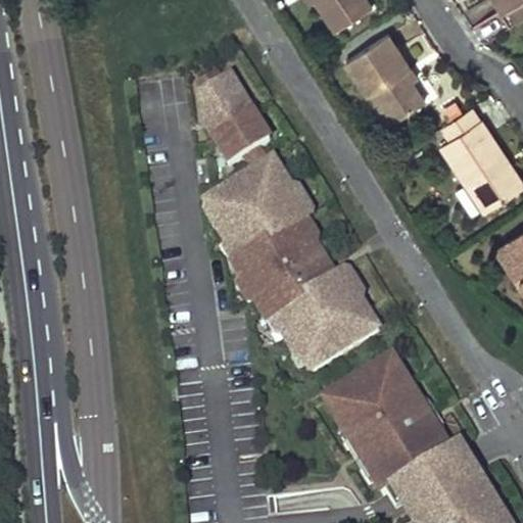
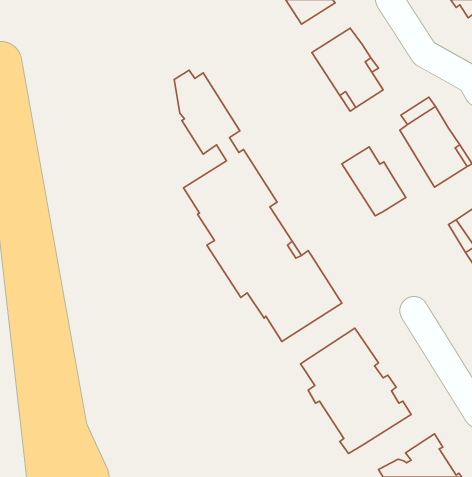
building: none -> [342,147,406,216]
building: [402,446,481,513] -> none

